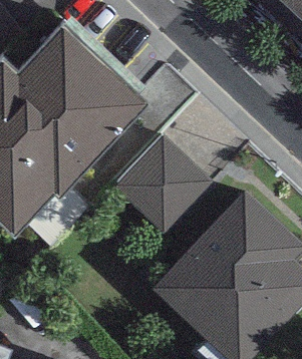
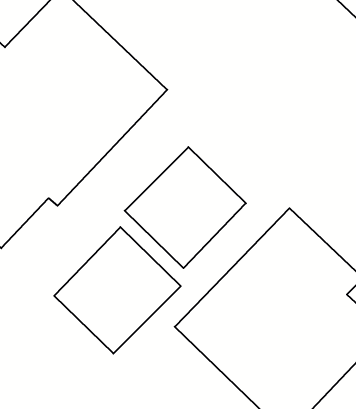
building: none -> [54,227,181,354]

